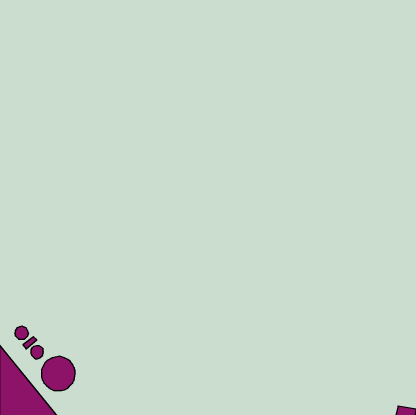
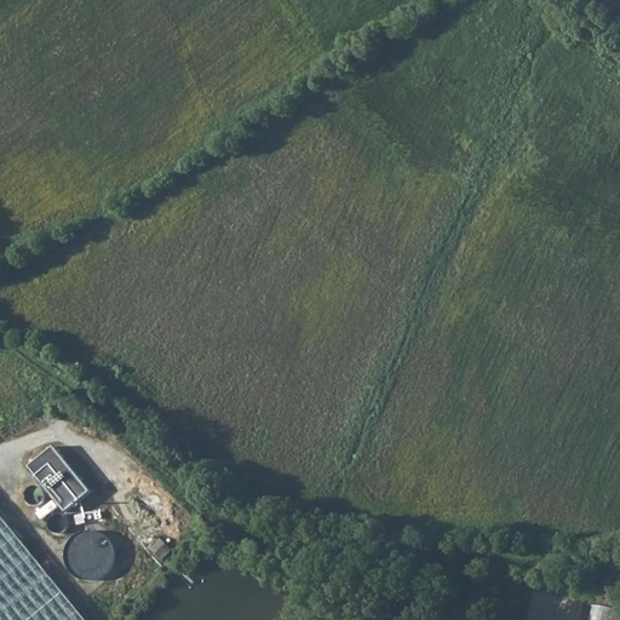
building: none -> [28,447,90,513]

